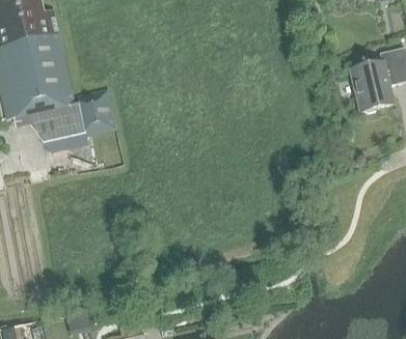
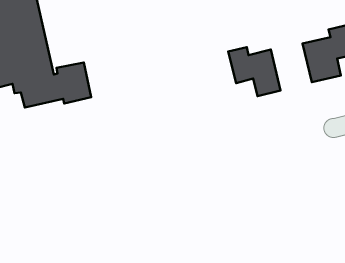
building: none -> [228,47,280,96]

